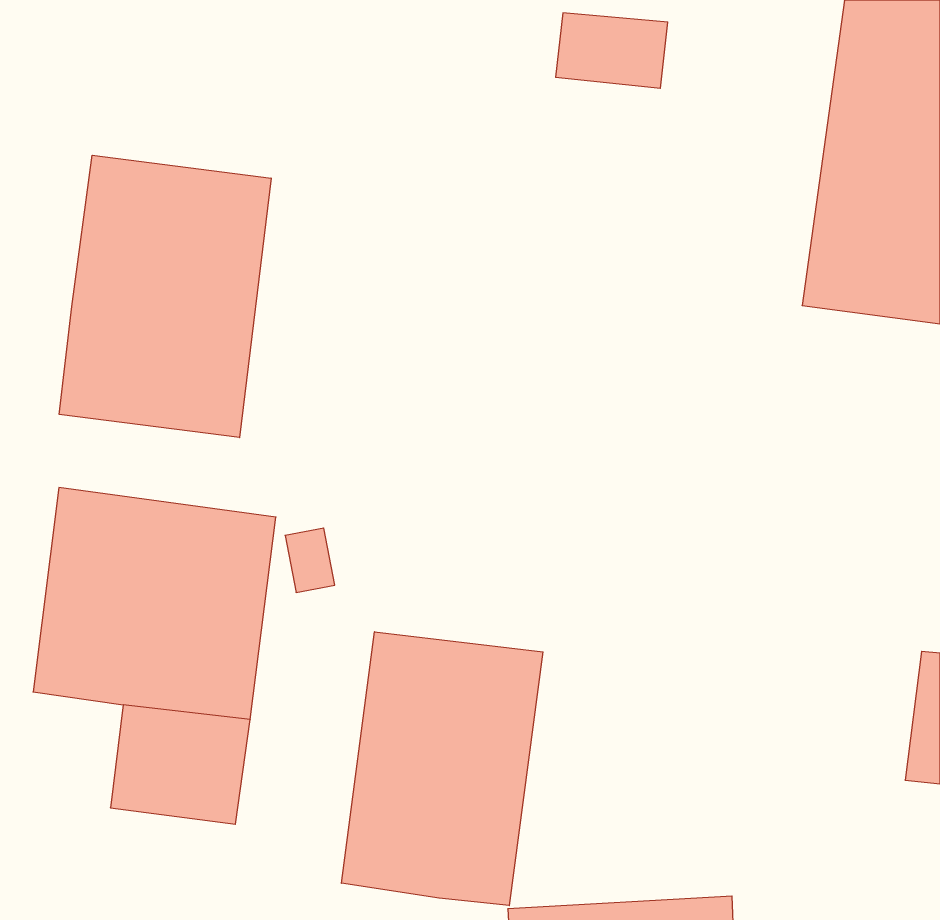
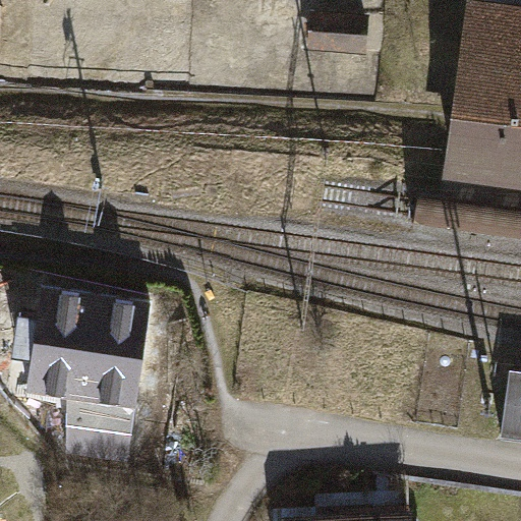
building: [59,155,271,438] -> none
building: [341,632,543,906] -> none

